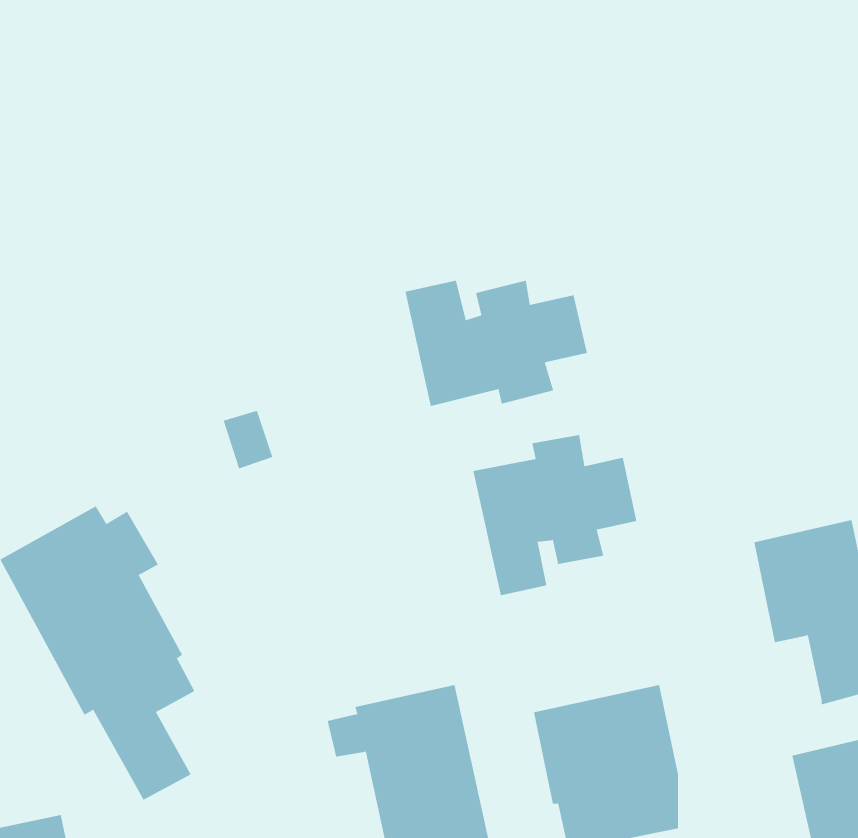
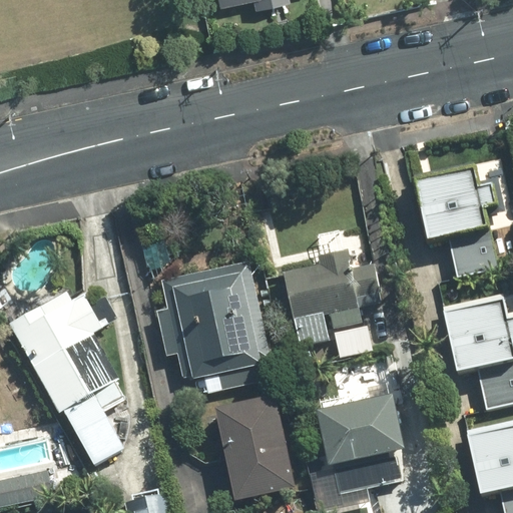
building: [405,280,588,407] -> none
building: none -> [416,167,496,275]
building: none -> [157,263,268,394]

